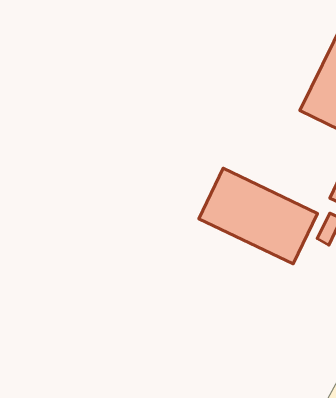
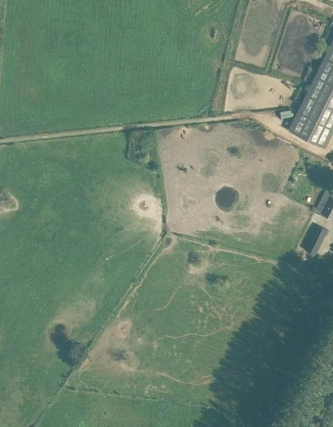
building: [199,168,318,264] -> none

